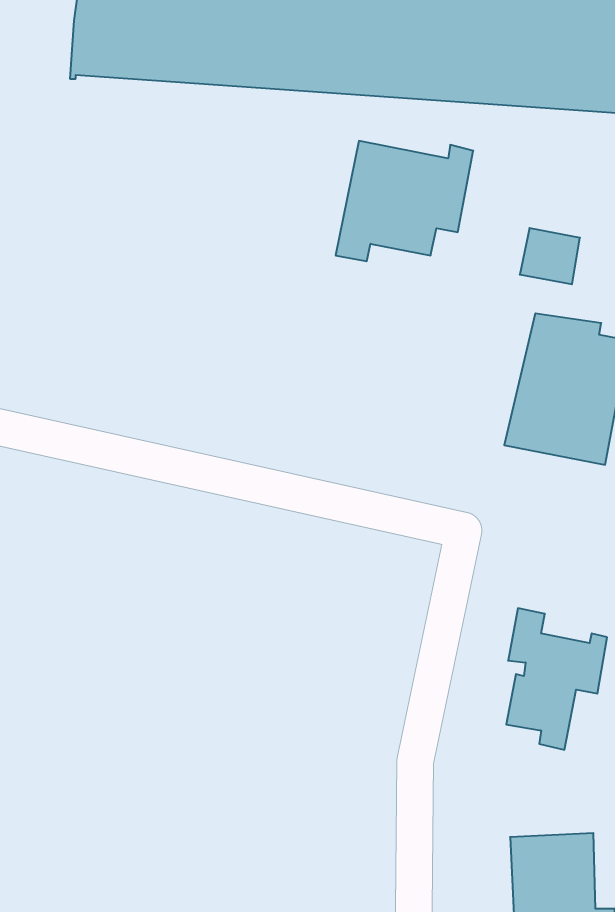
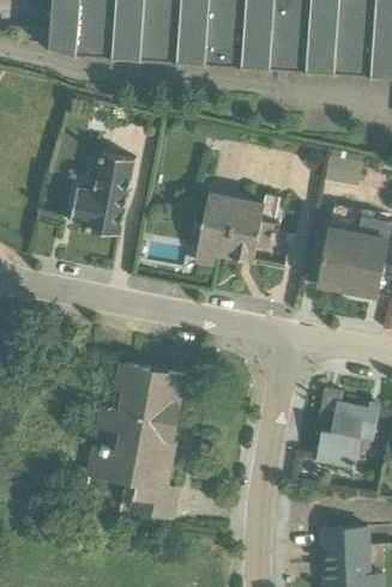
building: [336,141,473,261] -> [195,188,281,262]
building: none -> [72,149,135,230]
building: none -> [89,358,185,512]

